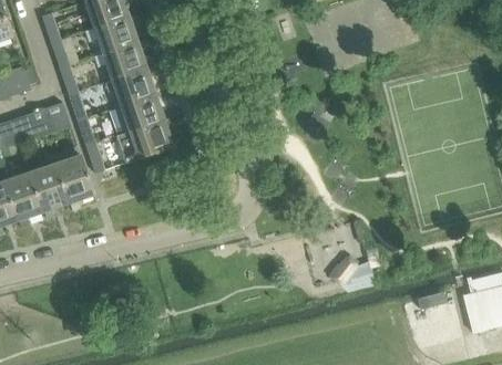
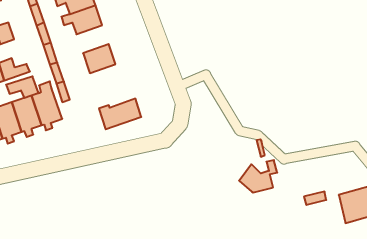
building: [104,69,156,106] -> none
building: [27,102,70,131] -> [6,76,38,98]
building: [116,121,173,161] -> [99,99,141,129]

